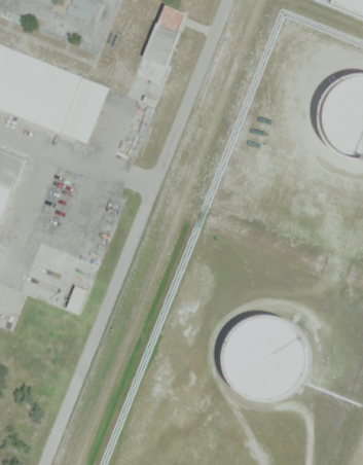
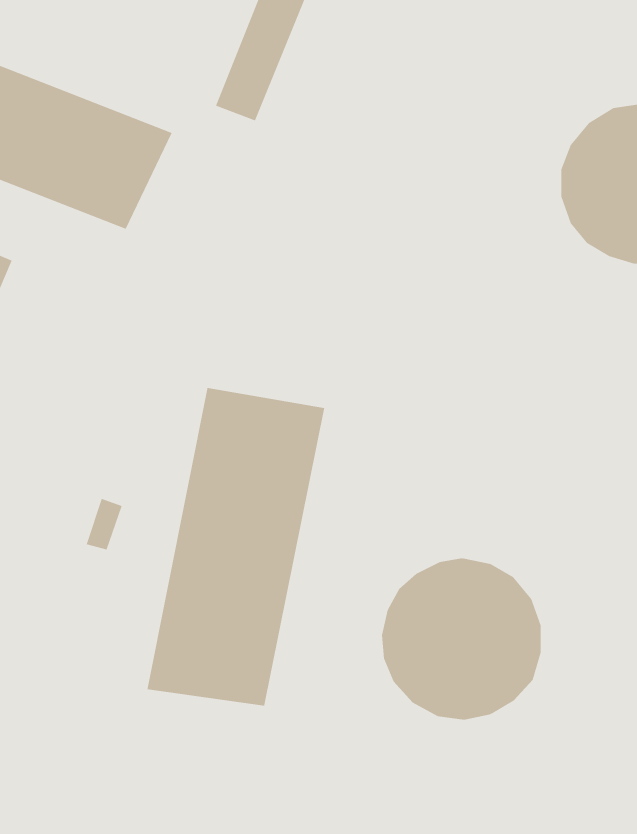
building: none -> [147,387,325,707]

